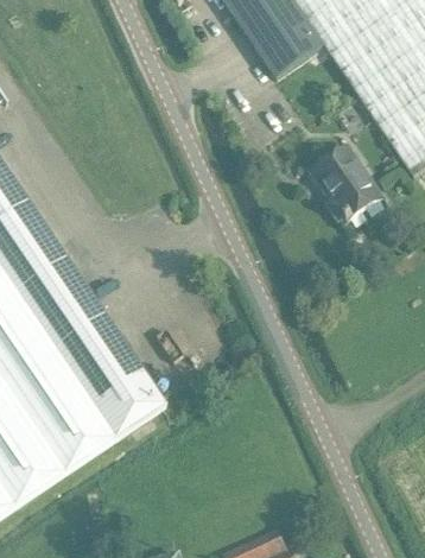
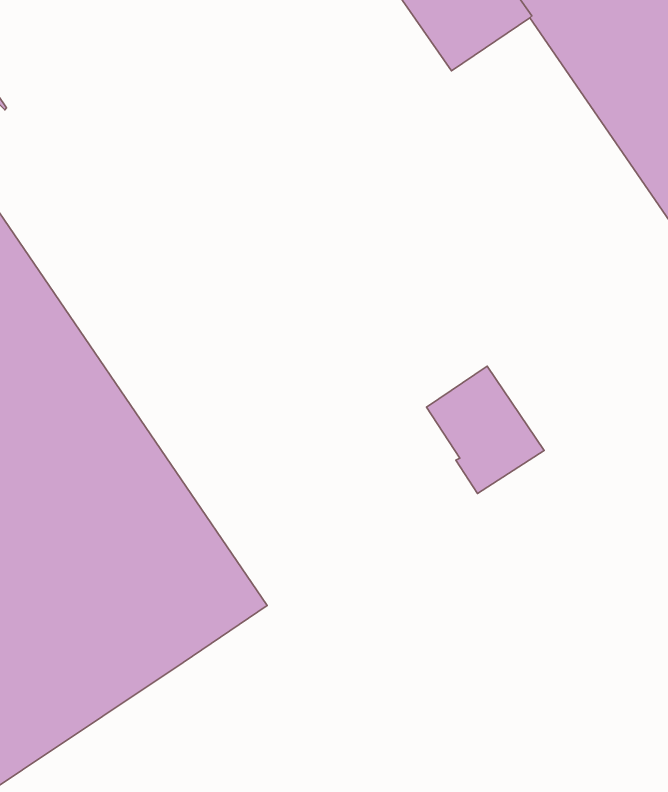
building: [310,146,381,223] -> [427,366,544,494]

